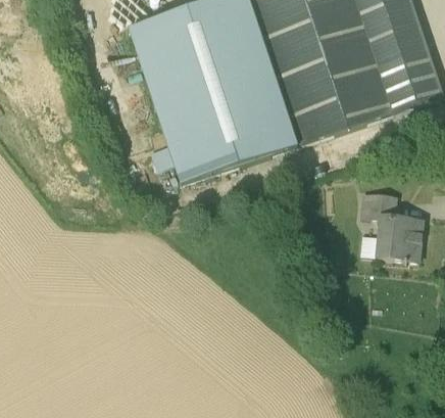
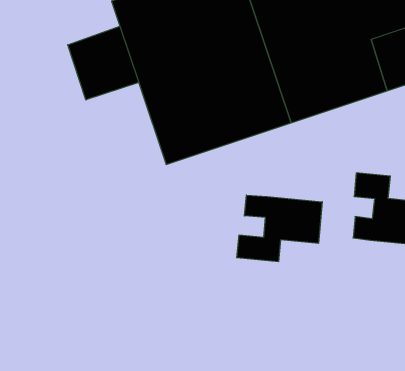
building: none -> [68,26,139,100]
building: none -> [237,195,322,262]

